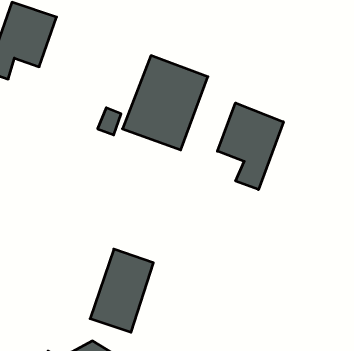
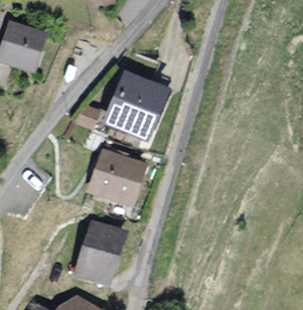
building: [217,103,283,190] -> none
building: none -> [88,149,146,207]

